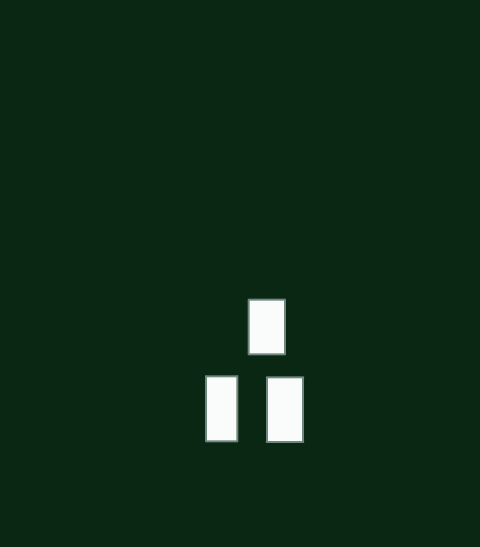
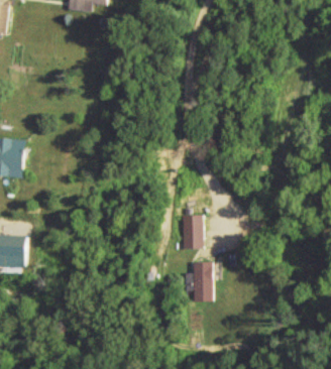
building: [206,376,237,441] -> none

